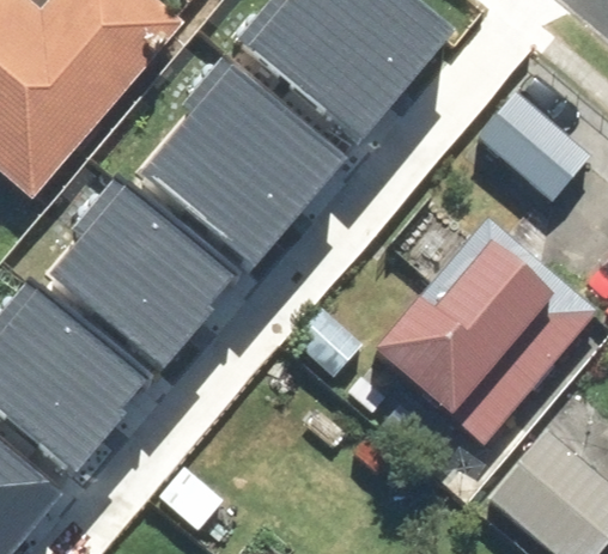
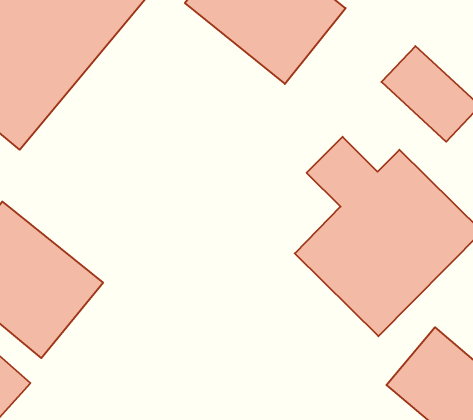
building: [146,68,329,255] -> none
building: [50,184,232,371] -> none

